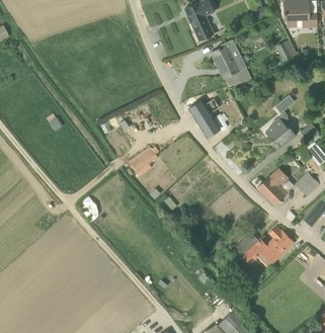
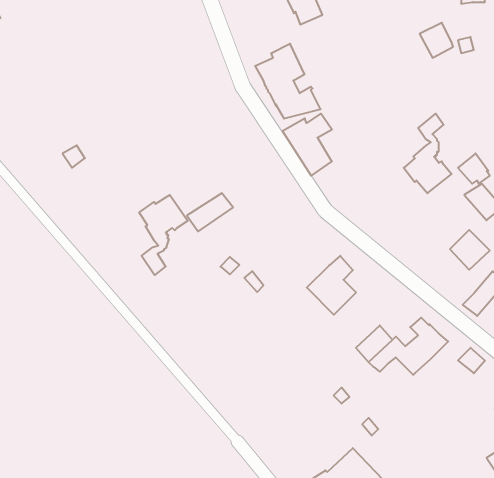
building: [211,38,252,86] -> [255,44,321,119]
building: none -> [139,195,188,275]
building: [257,167,289,204] -> [307,256,356,315]

